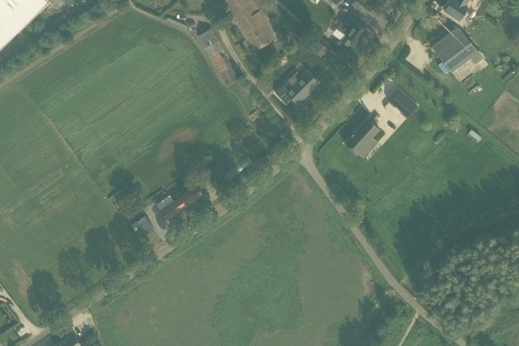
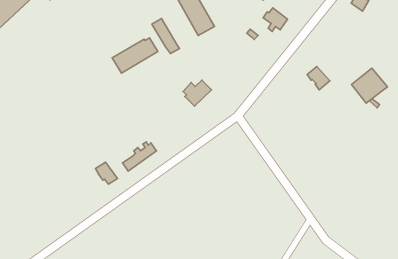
building: [433,28,477,72] -> [352,68,387,103]
building: none -> [112,38,158,73]
building: [283,71,318,103] -> [183,80,212,106]
building: [340,118,376,152] -> none

